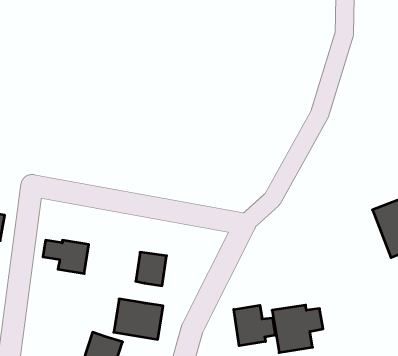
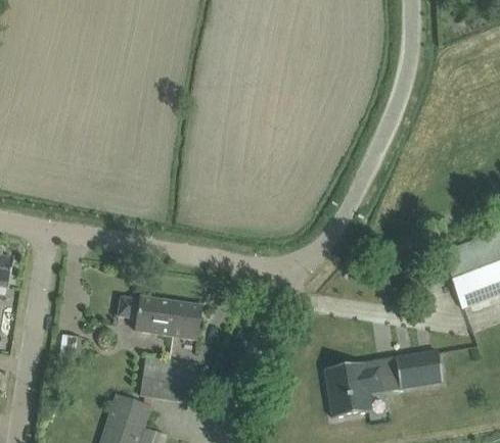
building: [43,240,89,274] -> [118,296,171,335]
building: none -> [395,351,443,388]
building: [234,305,275,346] -> none

